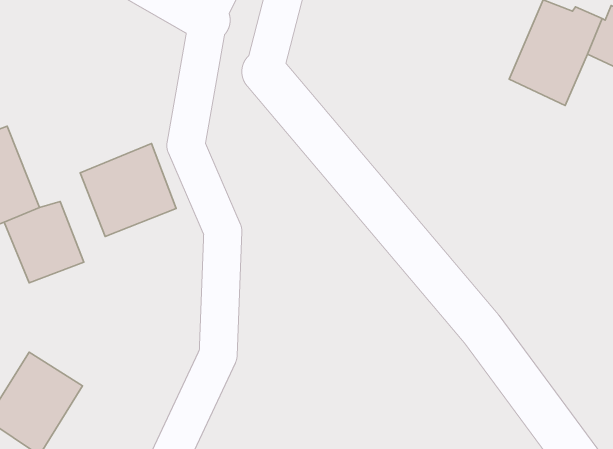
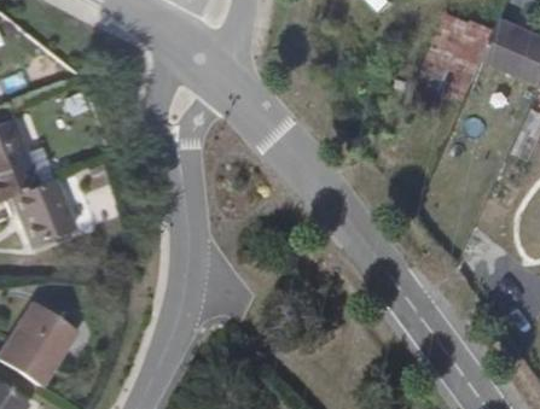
building: [80,143,176,237] -> none

